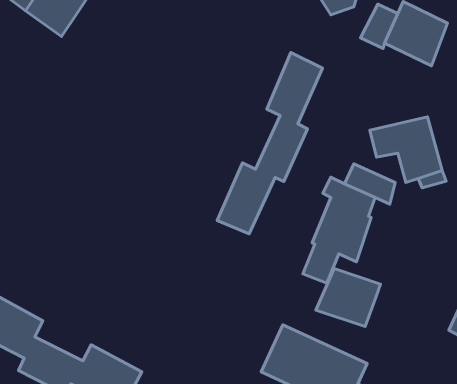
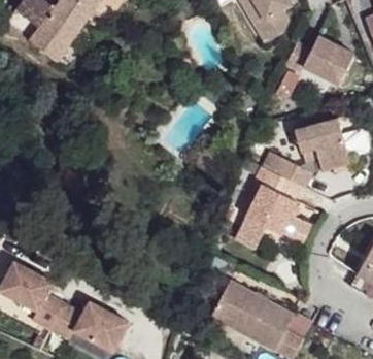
building: [217,53,323,234] -> none
building: [316,269,381,327] -> none

